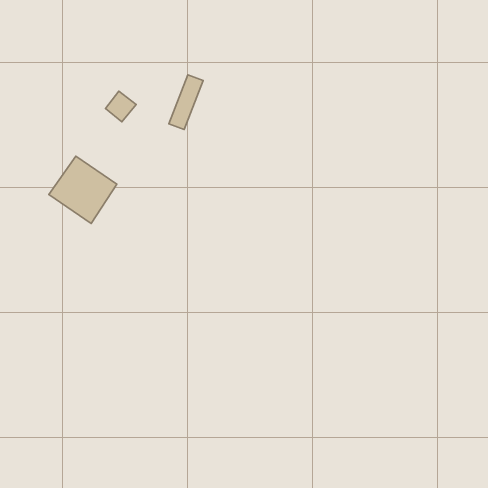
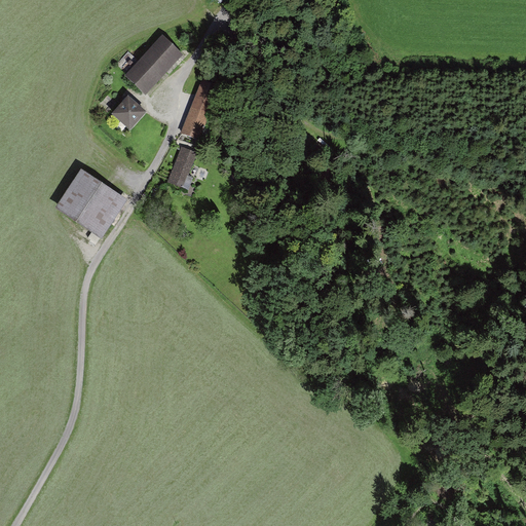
building: none -> [126,37,181,92]
building: none -> [167,146,196,187]

